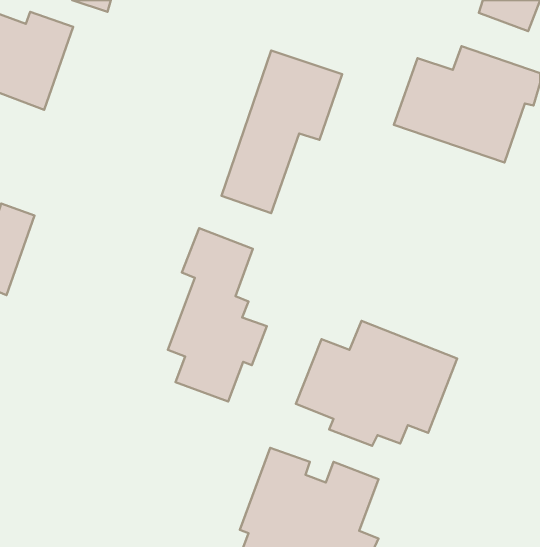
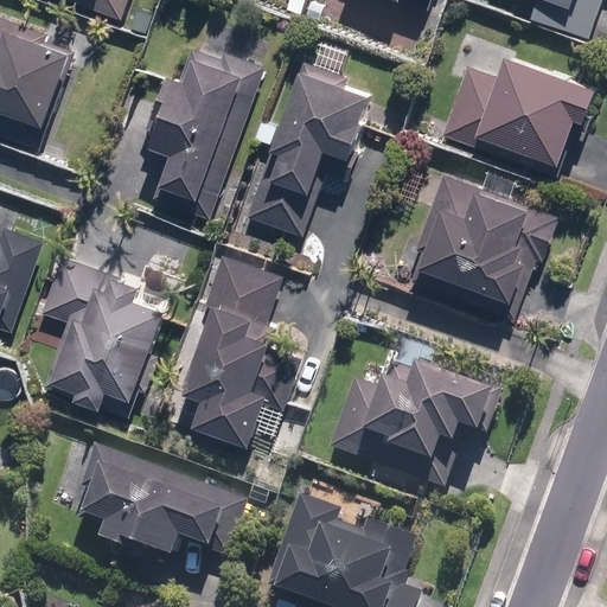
building: none -> [145,46,261,223]
building: none -> [408,167,560,318]
building: none -> [39,257,171,409]
building: none -> [78,443,244,561]

